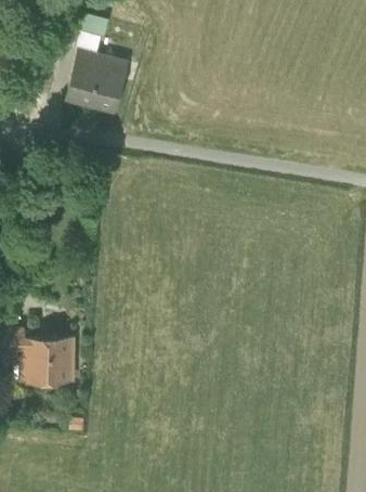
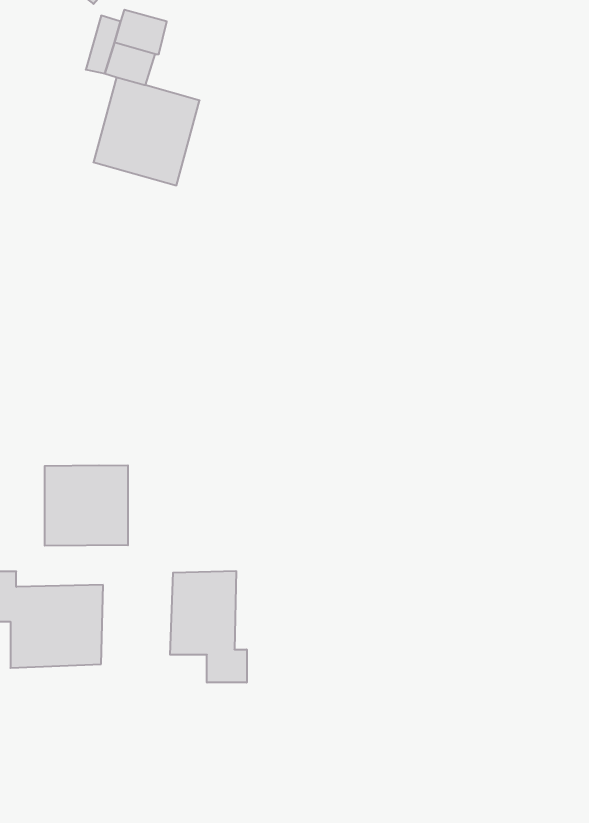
building: none -> [45,465,128,546]
building: none -> [170,571,247,683]

